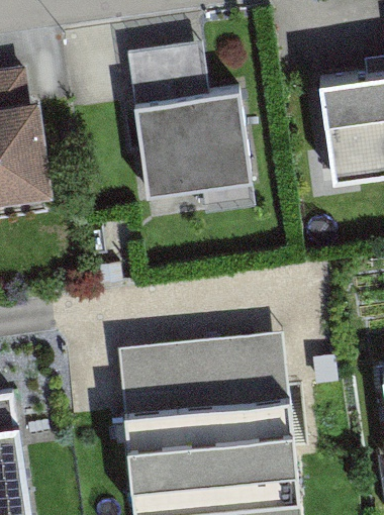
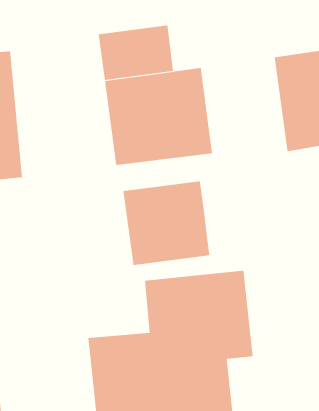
building: none -> [123,180,210,266]

